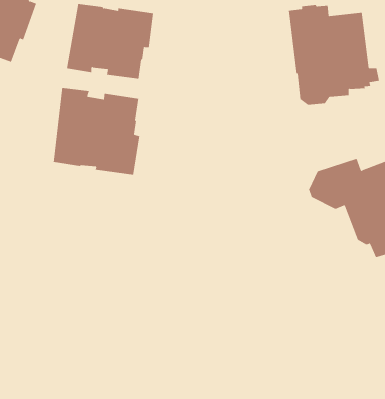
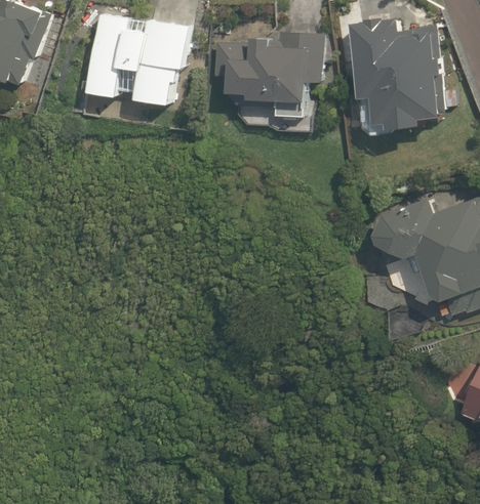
building: none -> [213,33,322,116]
building: [53,87,140,176] -> none

